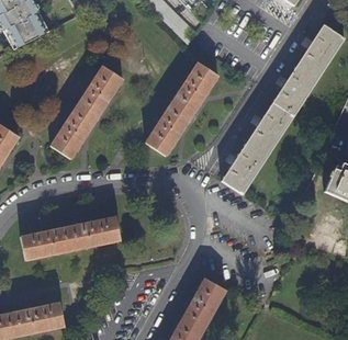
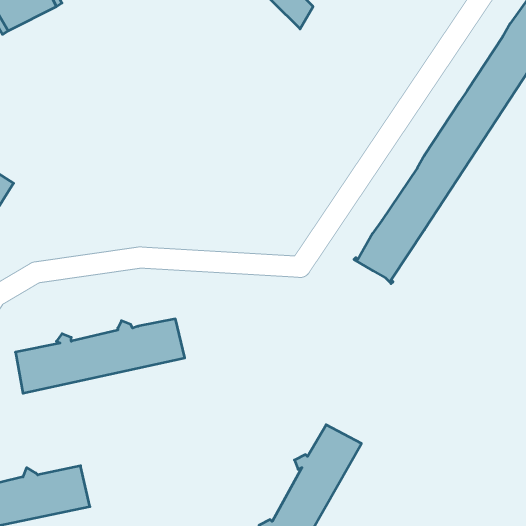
building: [145,61,218,155] -> none
building: [50,65,123,158] -> none

